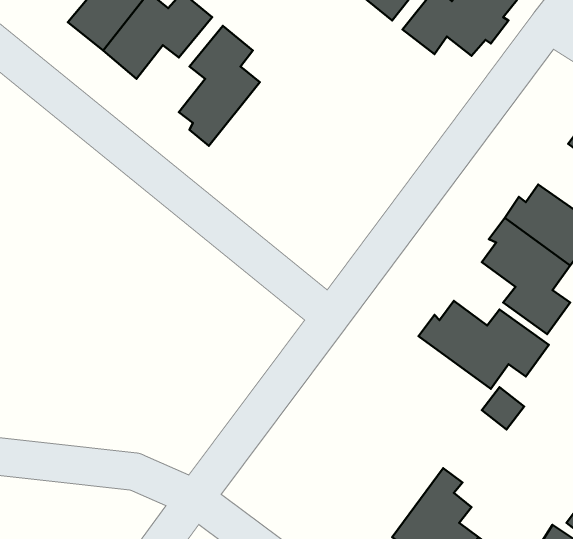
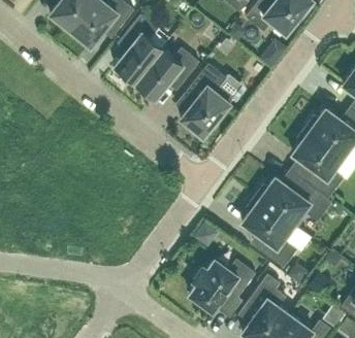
building: none -> [132,49,199,99]
building: none -> [181,65,233,137]
building: none -> [241,198,297,268]
building: none -> [189,260,255,312]

